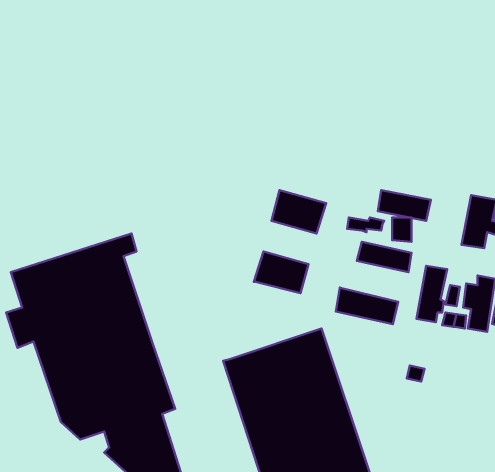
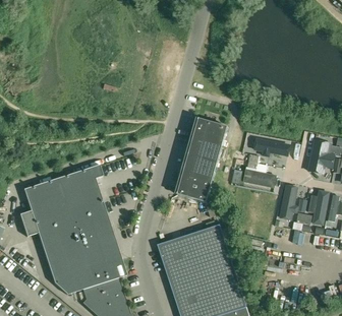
building: none -> [192,118,227,144]
building: none -> [182,155,216,183]
building: [336,287,398,324] -> none

